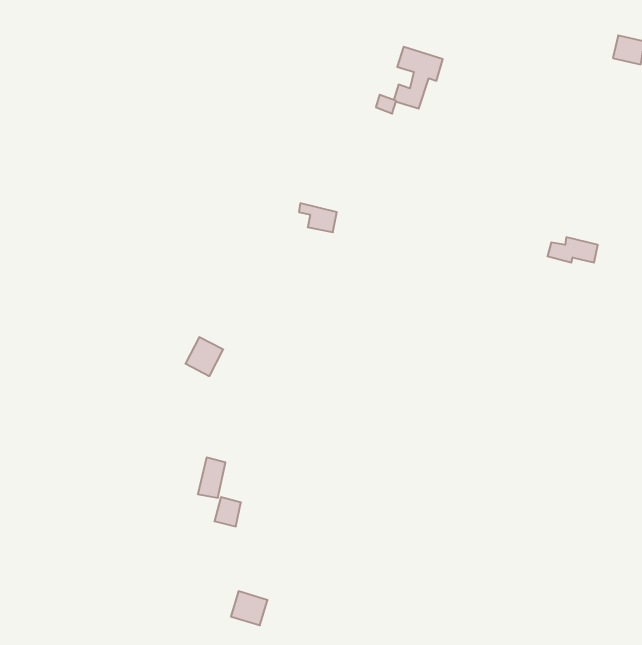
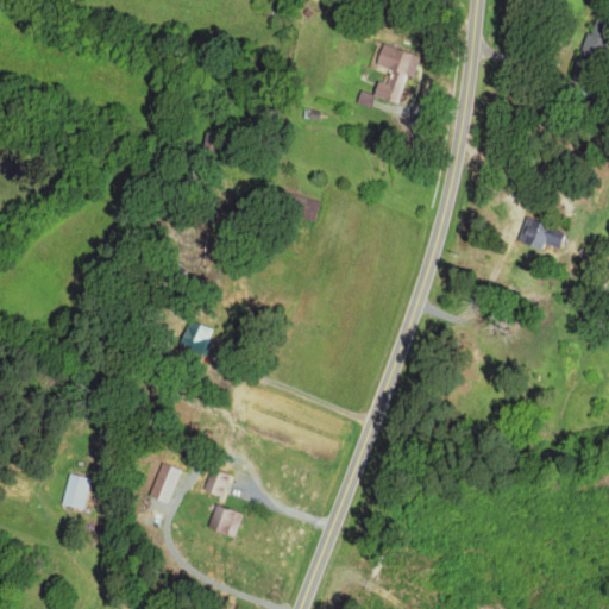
building: [198,457,225,498] -> [151,463,177,501]
building: none -> [63,473,93,509]
building: [231,591,268,625] -> [208,504,243,536]

